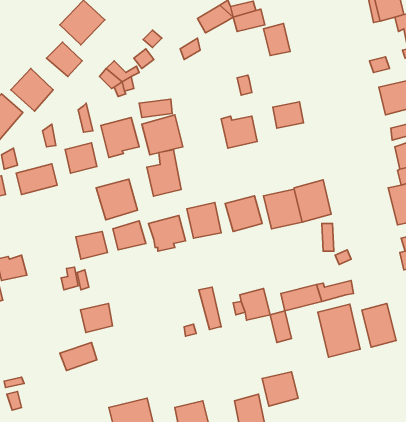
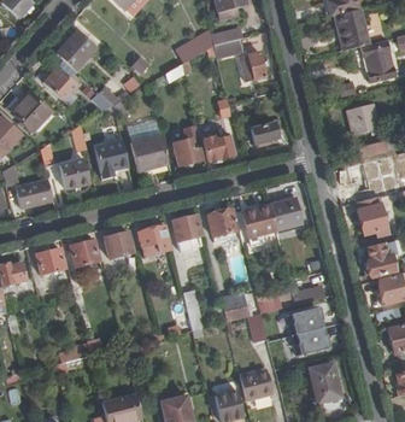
building: [147,150,181,196] -> [172,125,204,168]
building: [96,179,138,220] -> none
building: [81,303,112,332] -> [35,247,64,274]
building: [362,304,396,347] -> [309,362,340,402]

